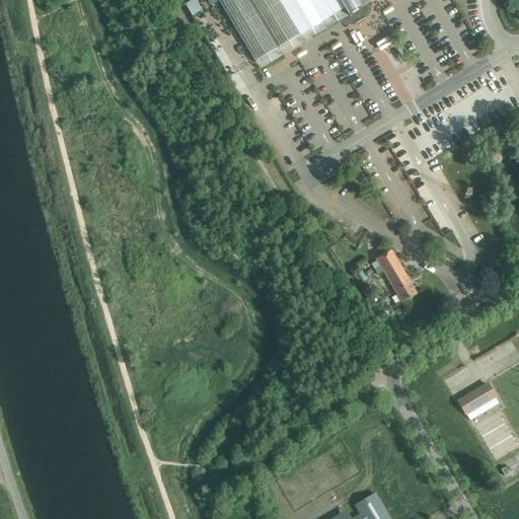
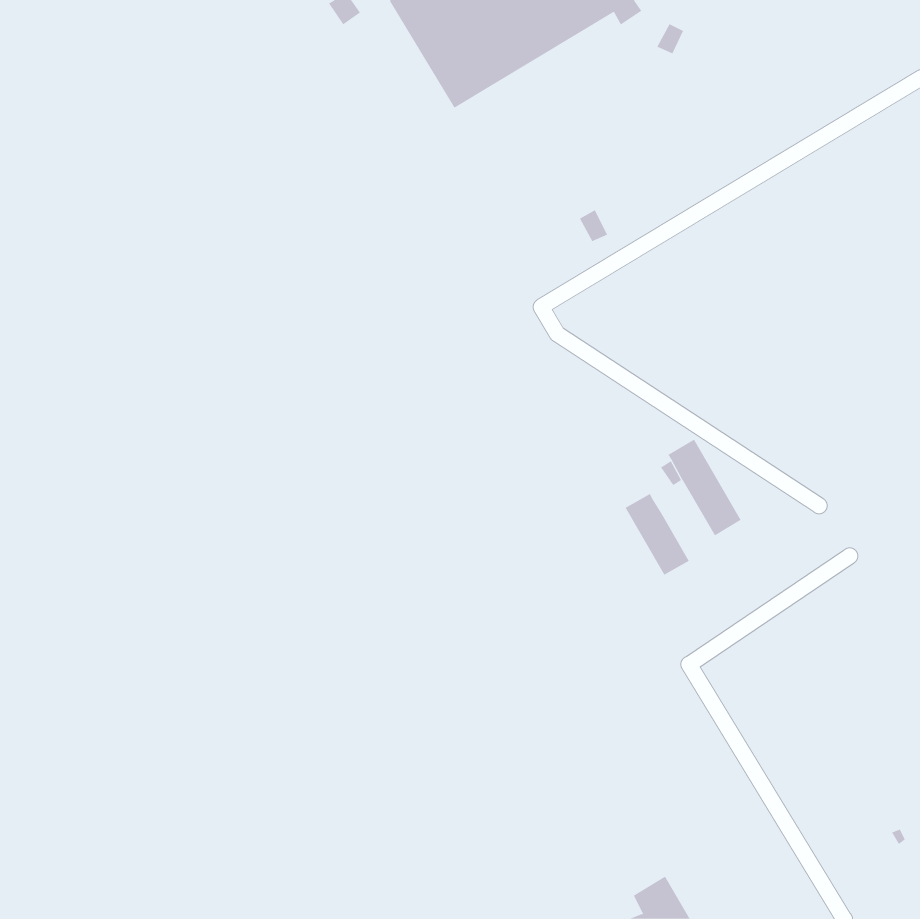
building: none -> [625,493,689,575]
building: [459,382,496,412] -> none

